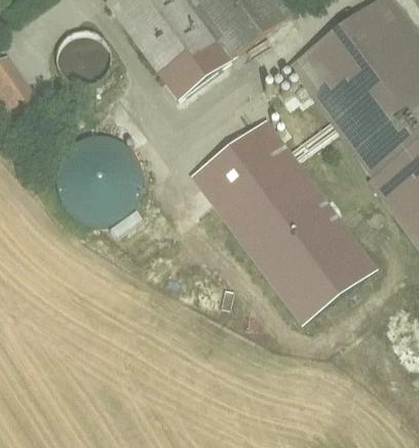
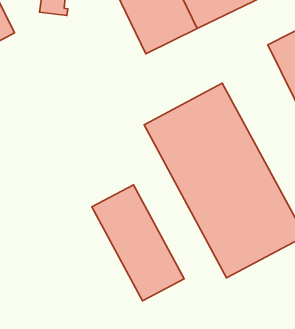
building: [53,134,143,223] -> none
building: none -> [92,185,184,301]

